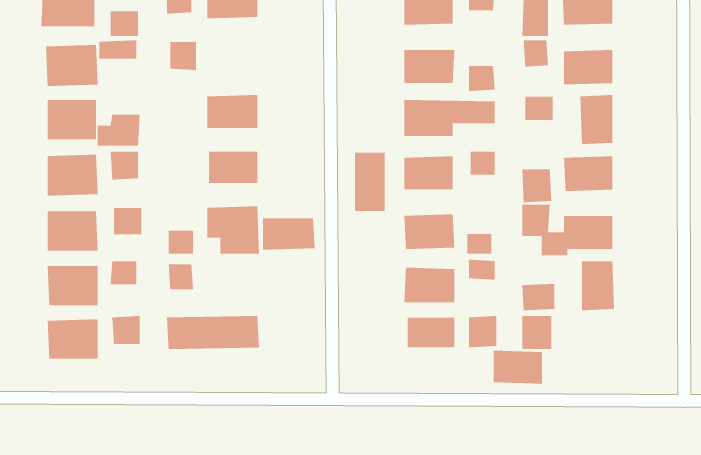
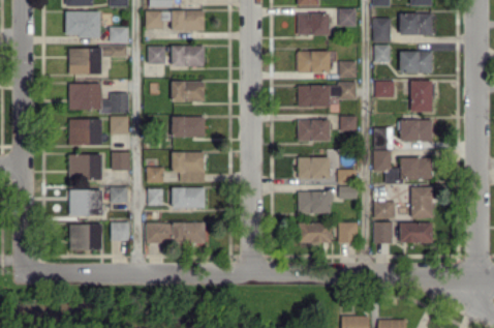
building: none -> [172,46,205,66]
building: [354,152,385,212] -> none
building: [262,218,316,250] -> [172,187,206,208]
building: [493,350,543,384] -> [400,221,432,243]

